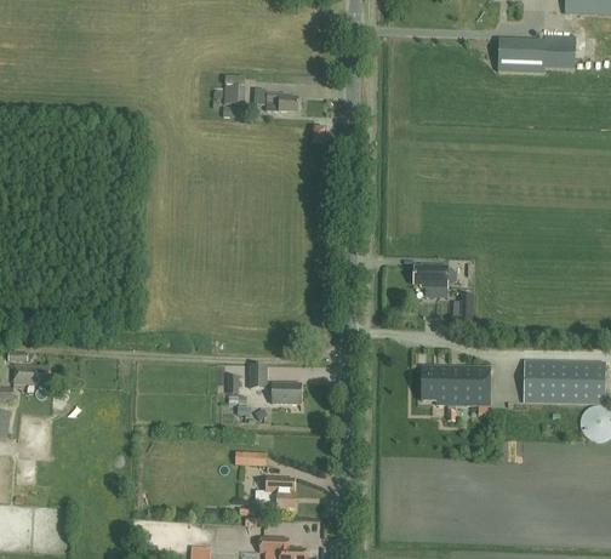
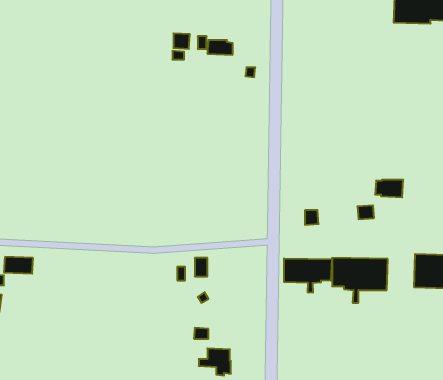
building: [412,264,447,286] -> [375,180,403,197]
building: none -> [284,258,332,293]
building: [272,382,301,403] -> none

